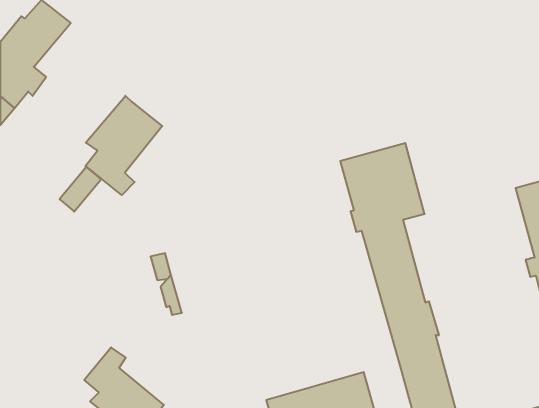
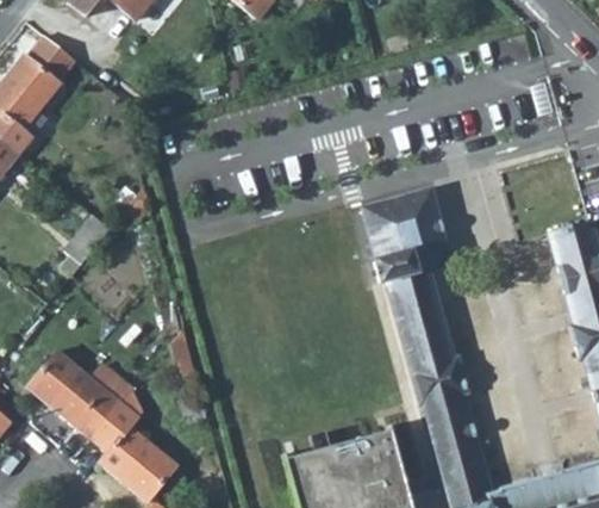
building: [85,96,162,195] -> none
building: none -> [30,353,131,439]

